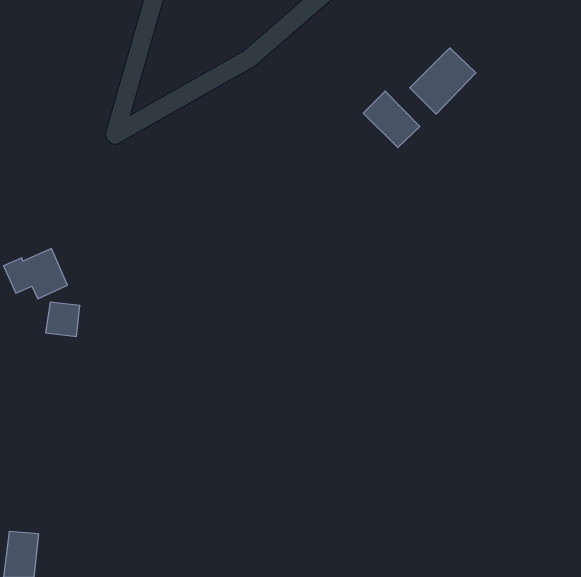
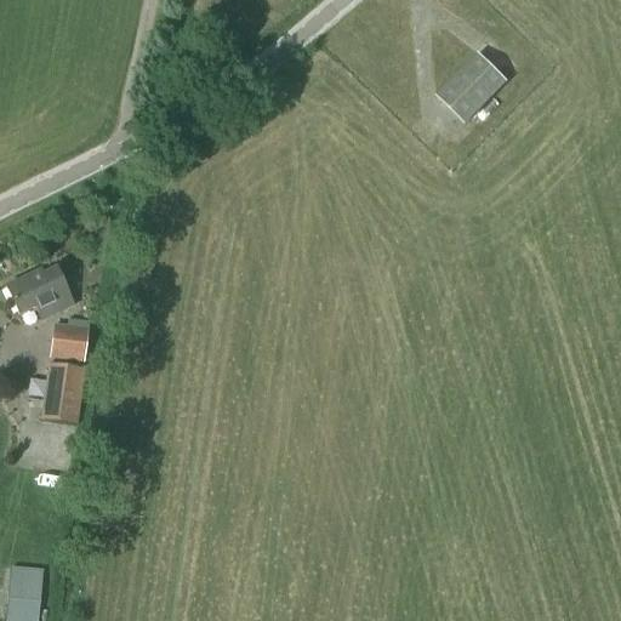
building: [363,91,420,148] -> none
building: none -> [42,359,85,422]

